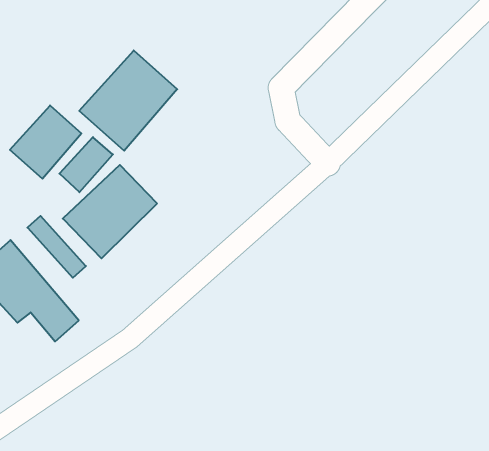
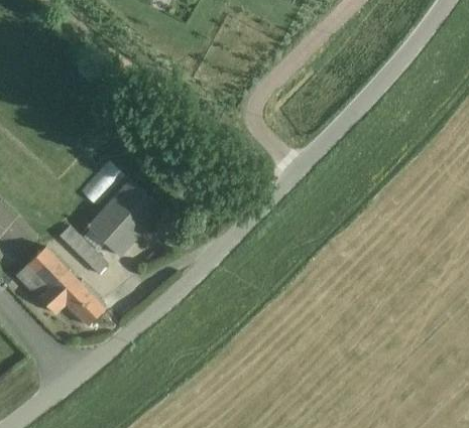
building: [79,50,177,151] -> none
building: [10,105,81,179] -> none

